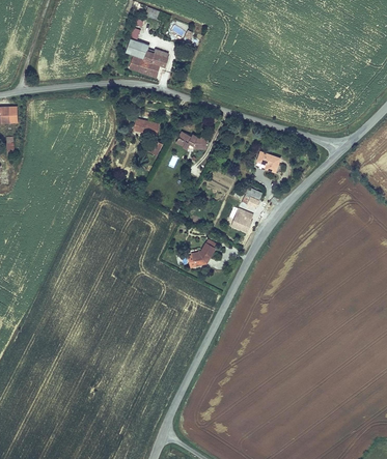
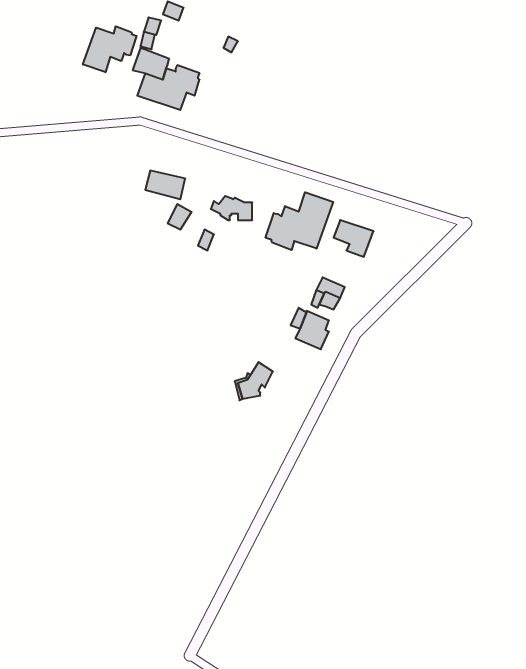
building: none -> [83,26,137,72]
building: none -> [266,192,333,250]

